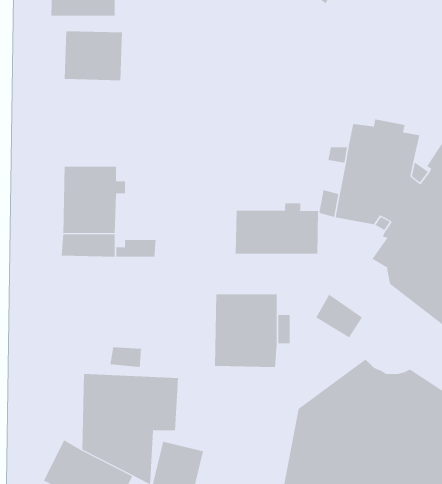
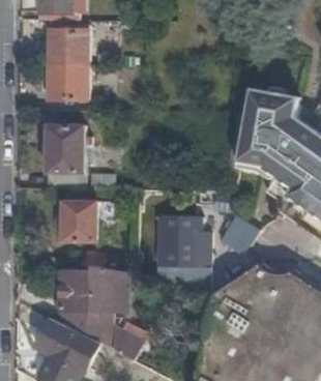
building: none -> [48,64,89,98]
building: [235,203,319,255] -> none
building: none -> [63,202,98,242]

